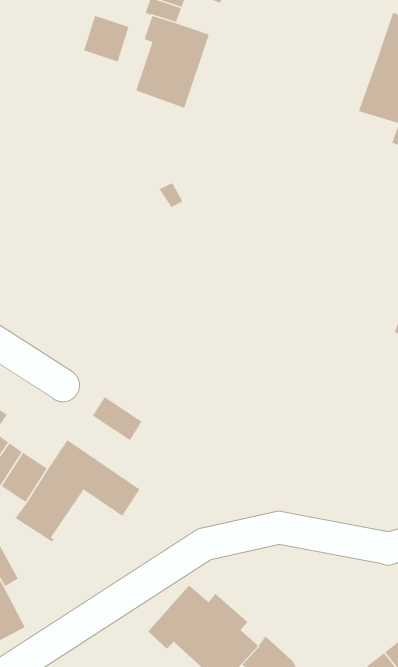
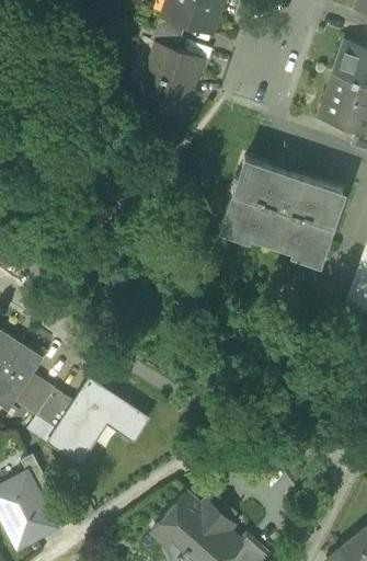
building: [83,15,130,63] -> none
building: none -> [221,159,342,259]
building: [92,396,142,441] -> none

